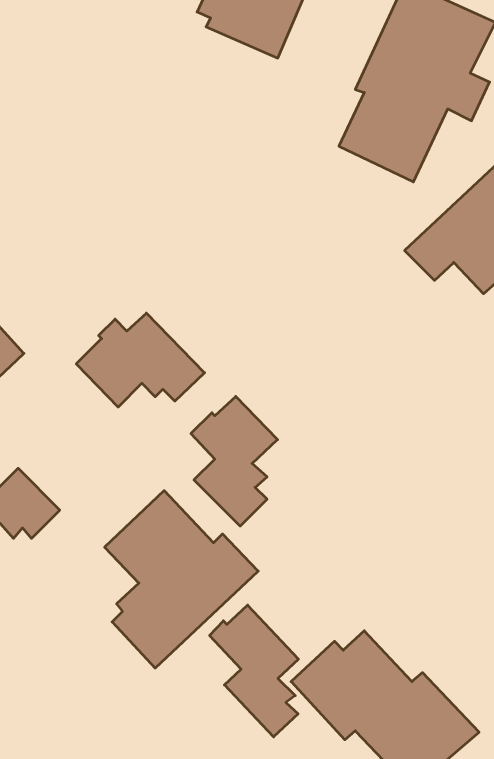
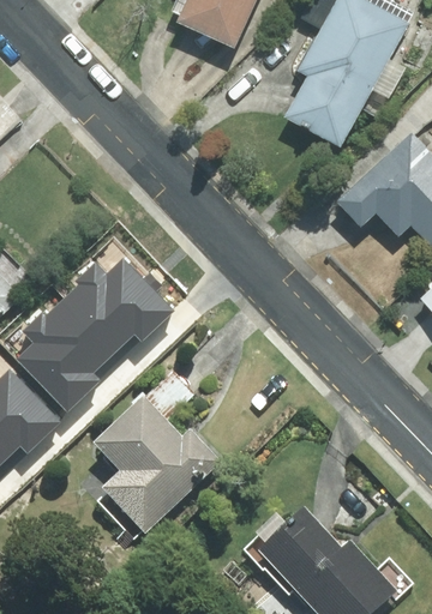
building: [191,396,278,526] -> [36,294,106,398]
building: [210,605,298,737] -> none

